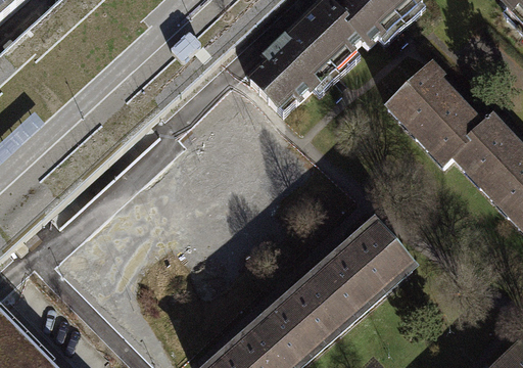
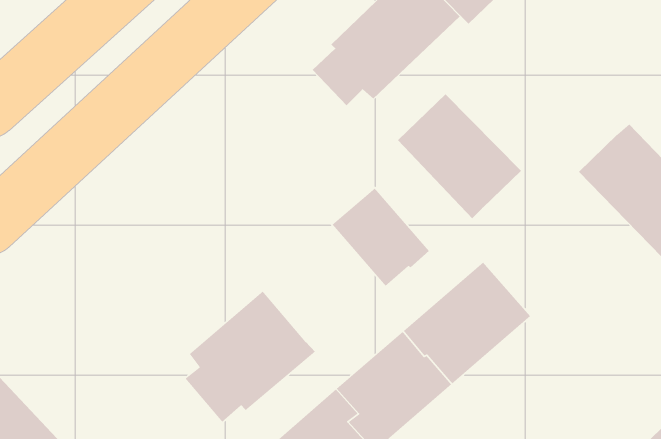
building: [384,67,479,164] -> [397,93,522,219]
building: none -> [331,188,430,287]
building: none -> [185,290,316,423]

